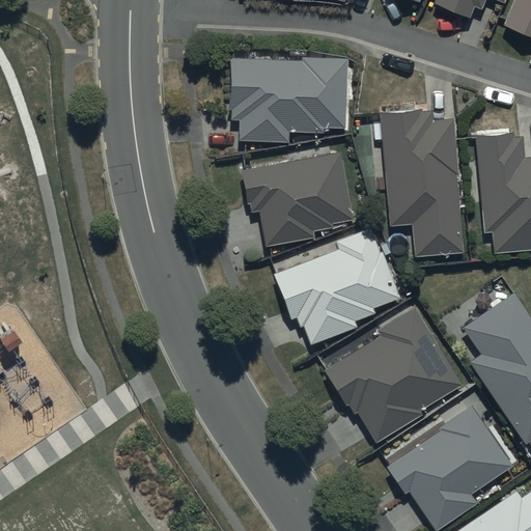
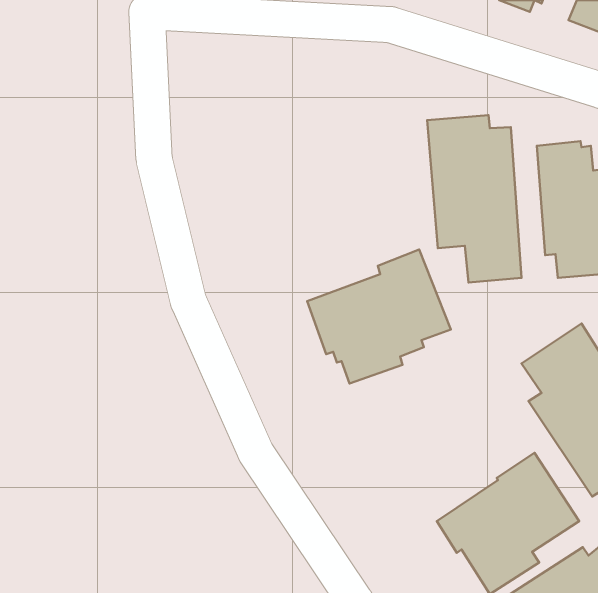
building: [229,56,347,142] -> none
building: [242,153,353,246] -> none
building: [327,307,462,443] -> none

